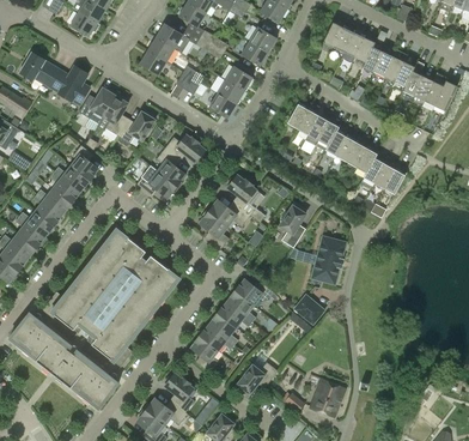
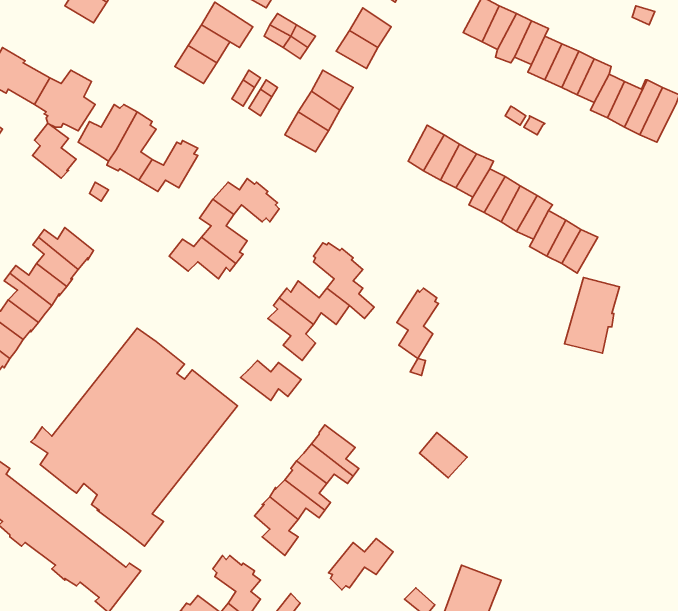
building: [71,145,98,180] -> [33,123,76,178]
building: [311,236,346,284] -> [564,277,619,353]
building: [234,279,273,304] -> [240,361,301,400]

